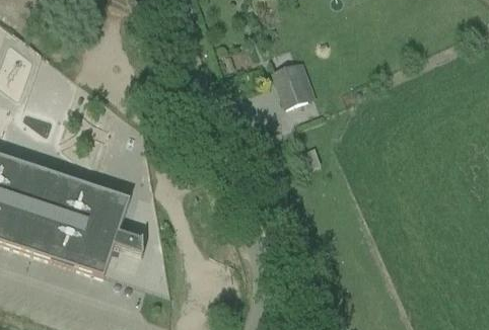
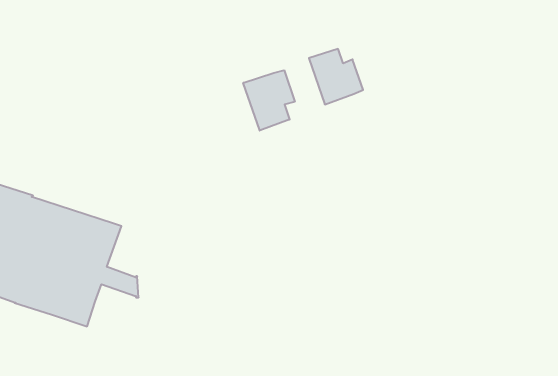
building: none -> [243,70,295,131]

